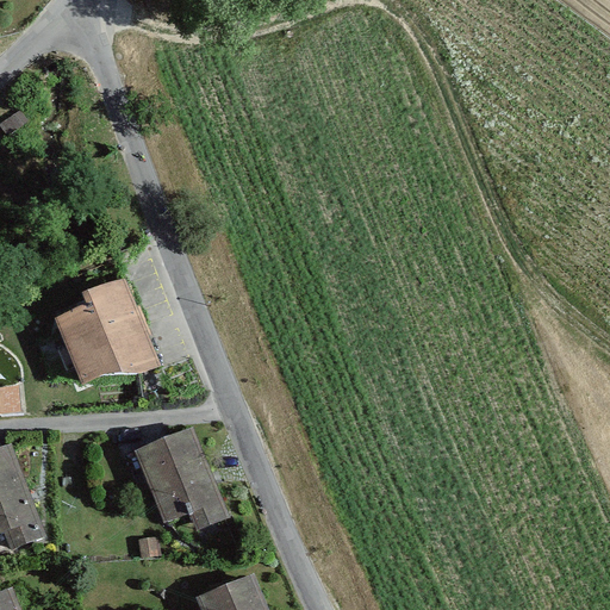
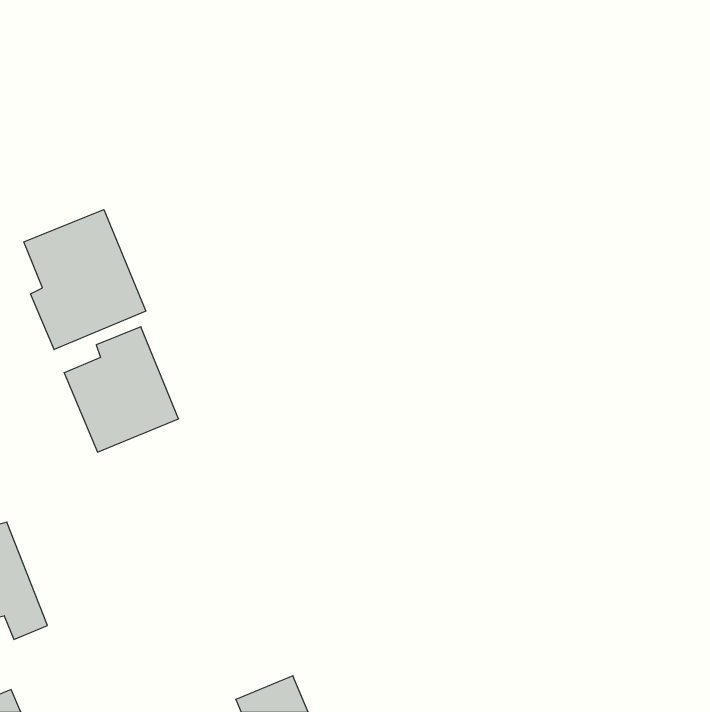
building: none -> [24,210,146,350]
building: [137,430,223,525] -> none

